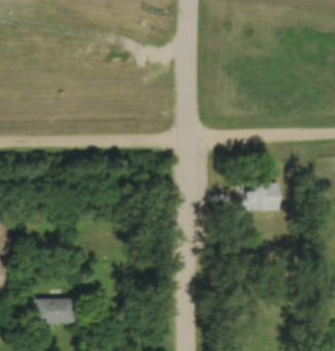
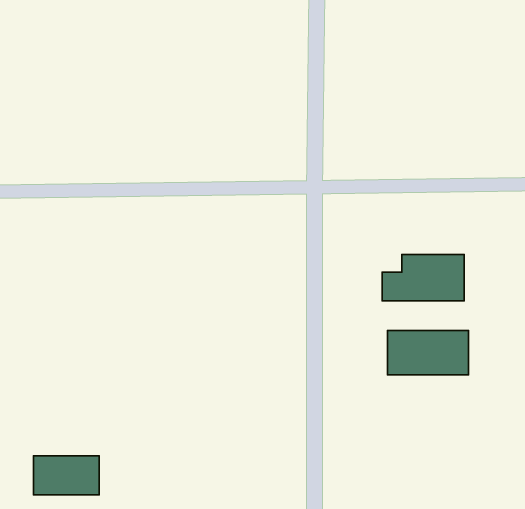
building: none -> [387,330,469,375]

